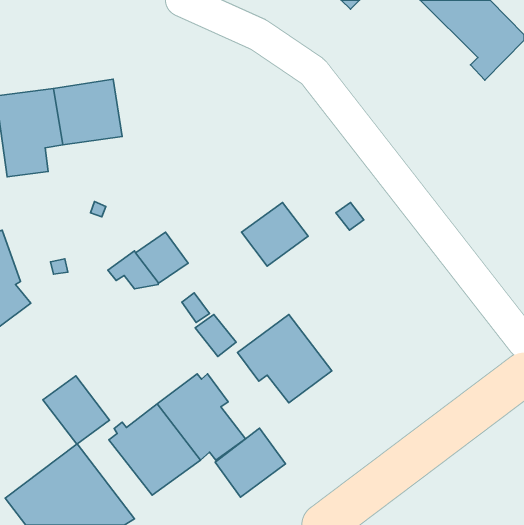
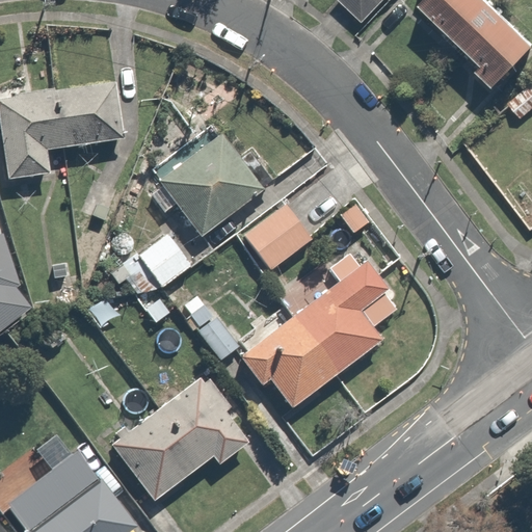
building: none -> [158,132,264,237]
building: none -> [292,254,396,375]
building: [43,376,110,444] -> none
building: [215,428,285,497] -> none

